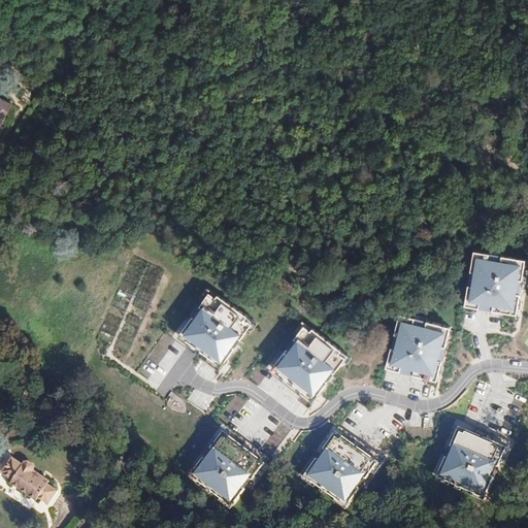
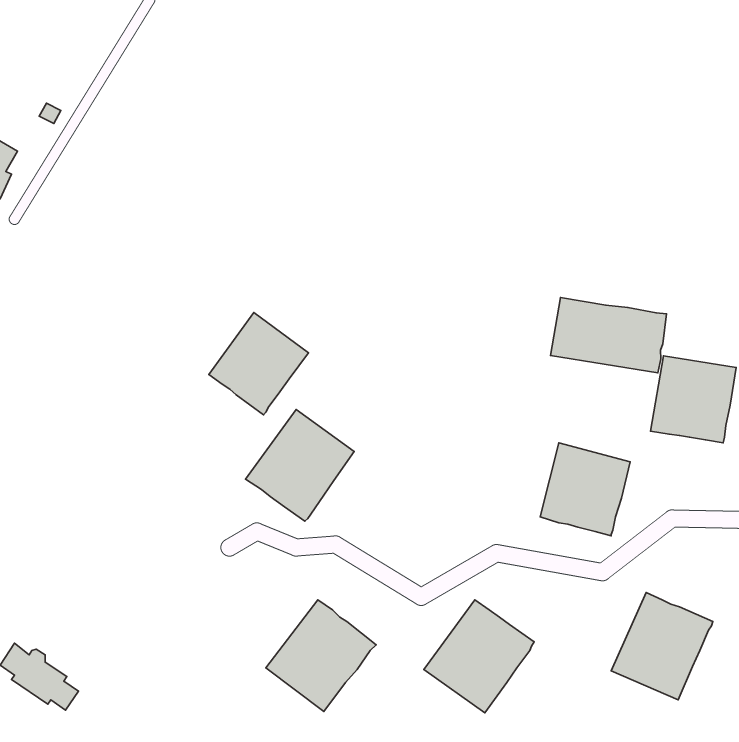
building: none -> [550,298,667,373]
building: none -> [209,313,308,415]
building: [267,324,345,403] -> none

